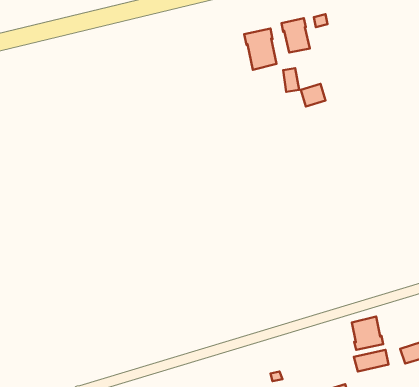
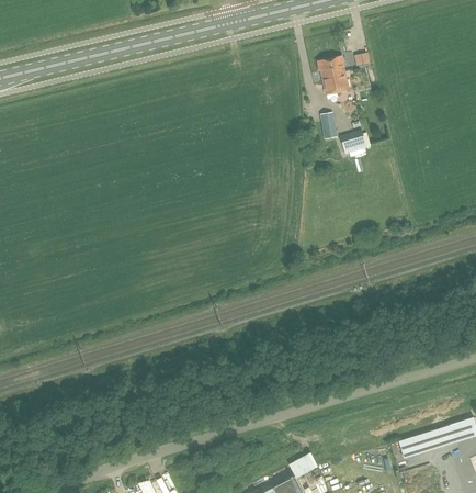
building: [244,29,276,70] -> none
building: [352,317,383,350] -> none

